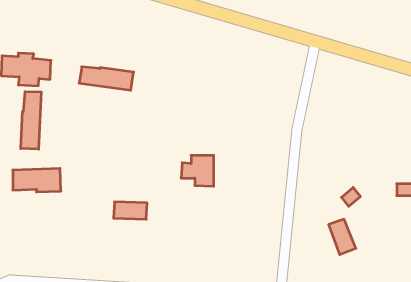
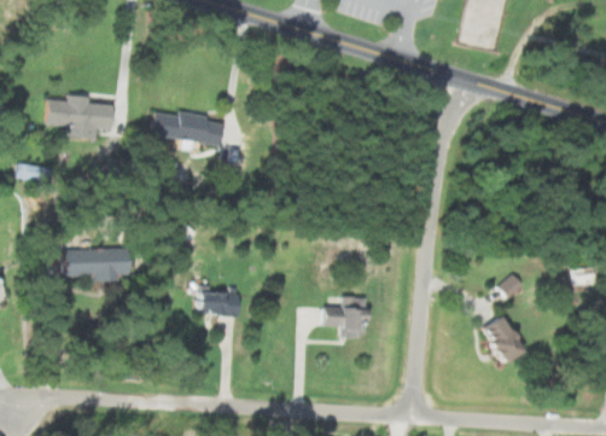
building: [21,92,41,149] -> none
building: [181,155,214,186] -> [322,296,366,337]

